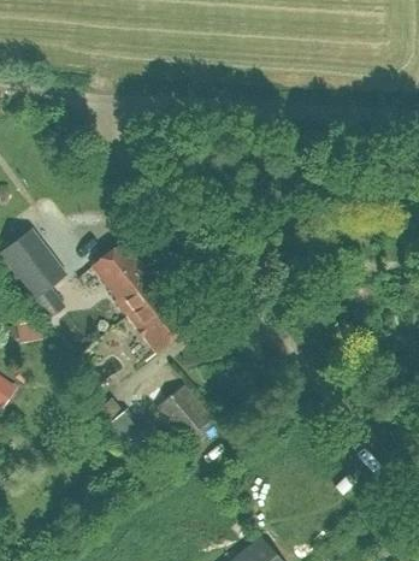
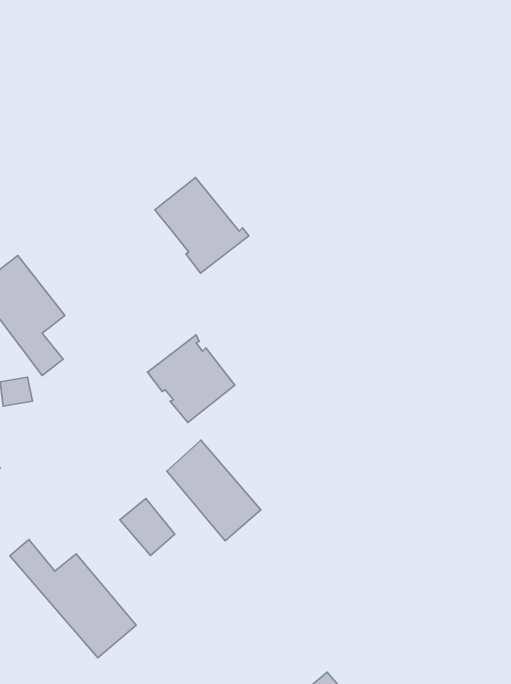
building: [93,244,163,315] -> [155,178,249,273]
building: none -> [10,539,136,658]

